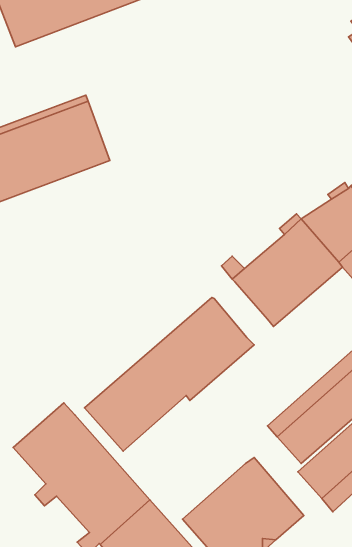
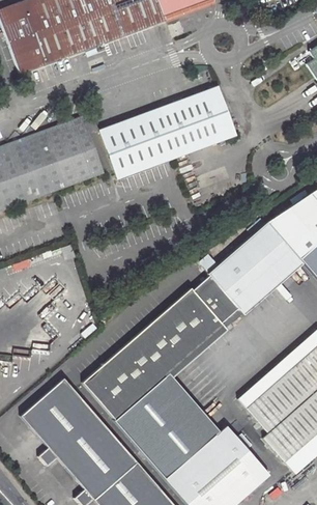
building: none -> [100,85,235,177]
building: none -> [193,276,238,324]
building: none -> [115,373,220,479]

